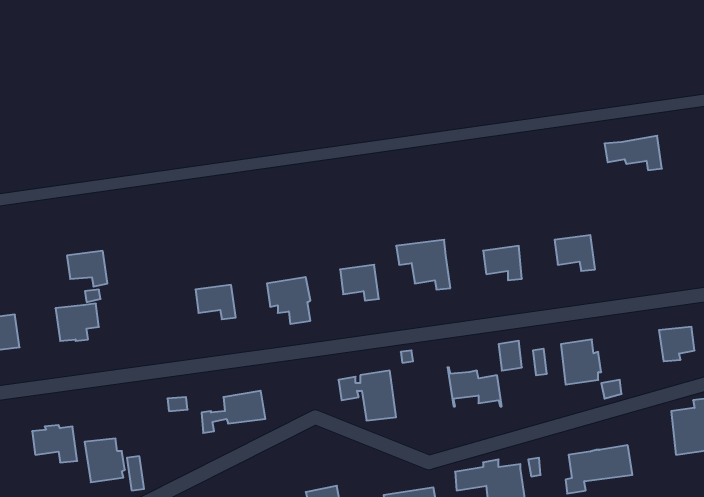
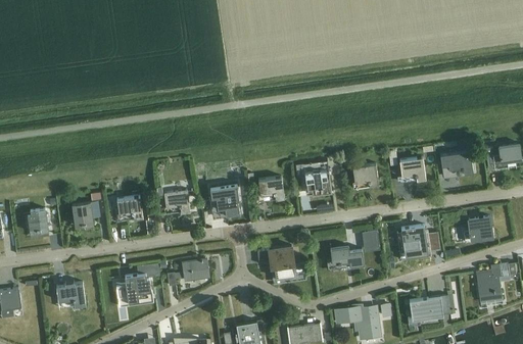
building: [604,136,662,170] -> [435,151,473,174]
building: [67,251,107,287] -> [116,196,143,219]
building: [85,439,125,482] -> [125,275,151,303]

